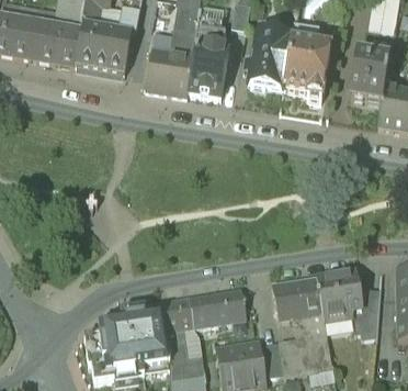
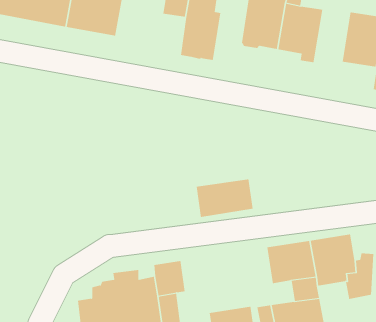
building: [145,49,193,97] -> none
building: [189,289,246,327] -> [196,179,254,218]

